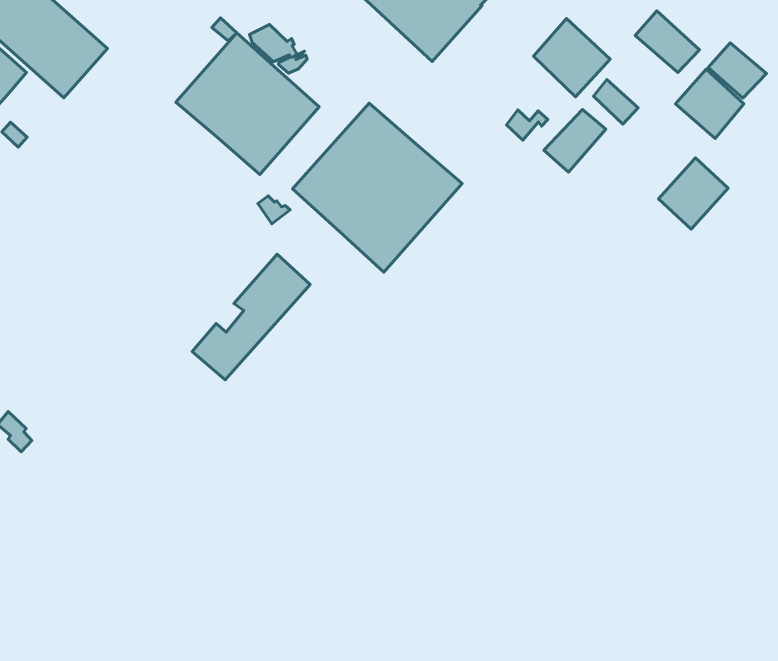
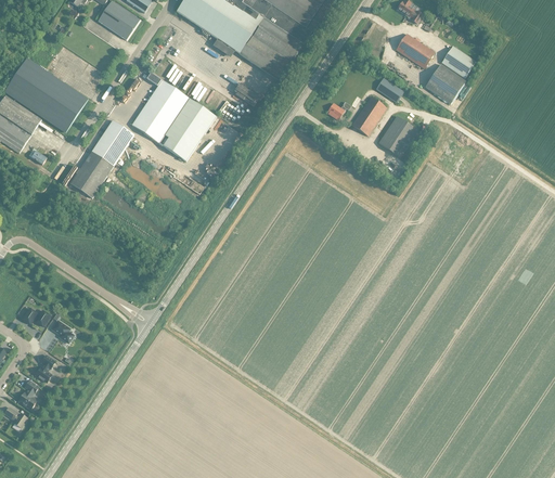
building: [533,18,610,97] -> none
building: [292,103,462,272] -> none
building: [658,158,728,229] -> [377,115,417,157]
building: [192,254,310,380] -> [69,119,133,197]

